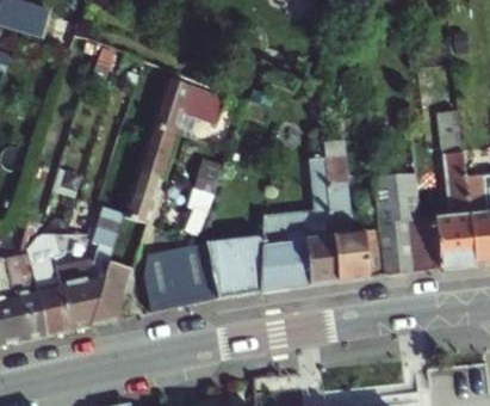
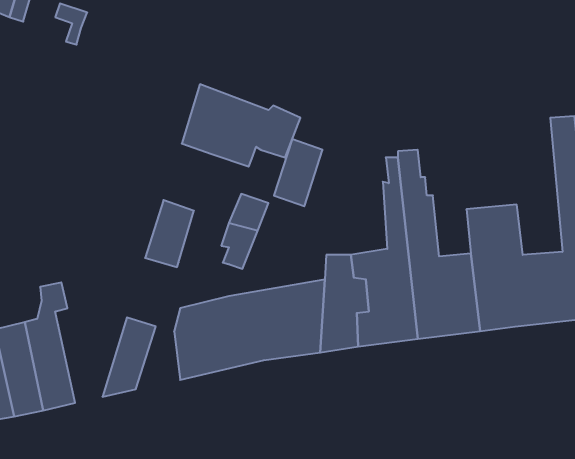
building: [138,127,176,179] -> [274,139,323,206]
building: [56,229,118,330] -> none

